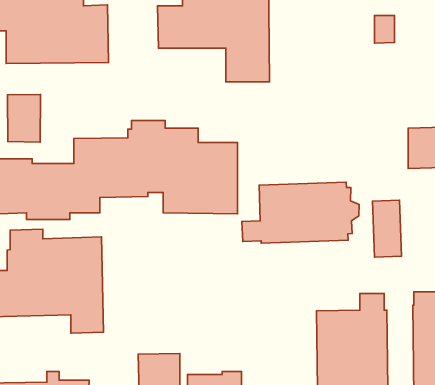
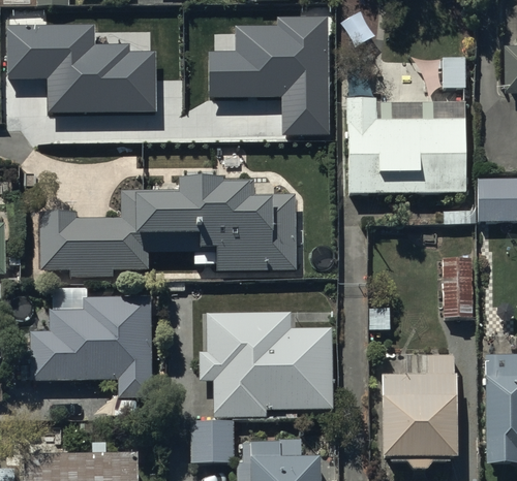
building: none -> [347,98,466,195]
building: [7,94,40,142] -> none
building: [242,182,359,243] -> none
building: none -> [199,312,334,418]

